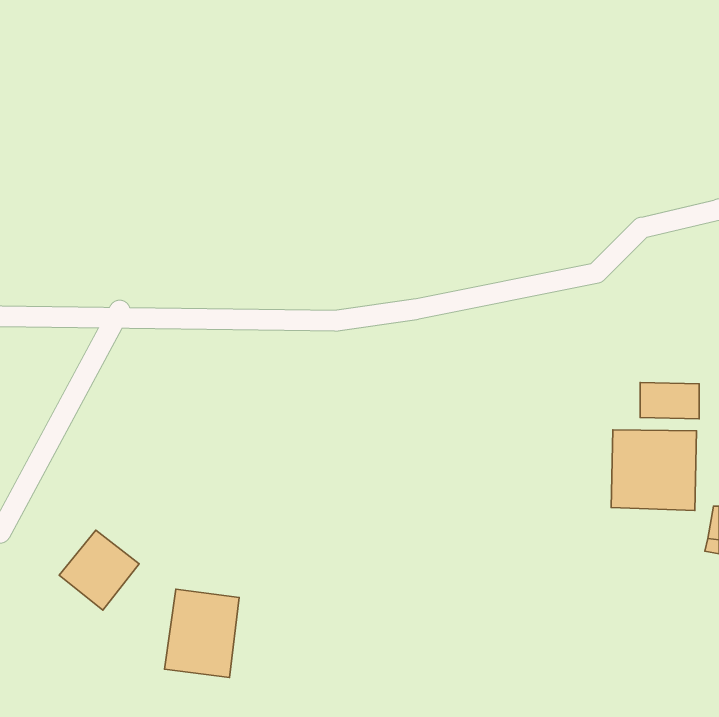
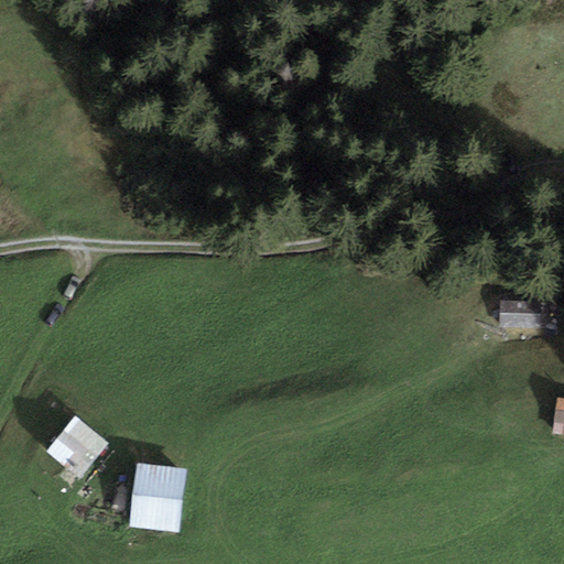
building: [611,430,697,510] -> none

